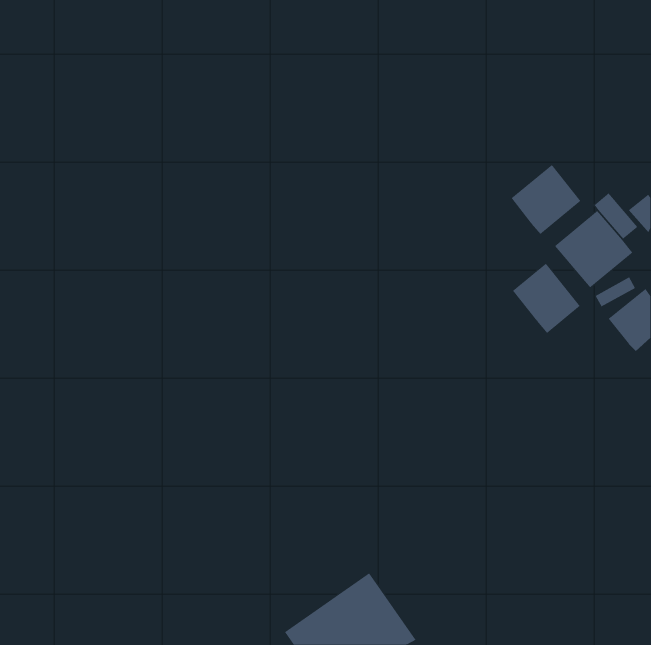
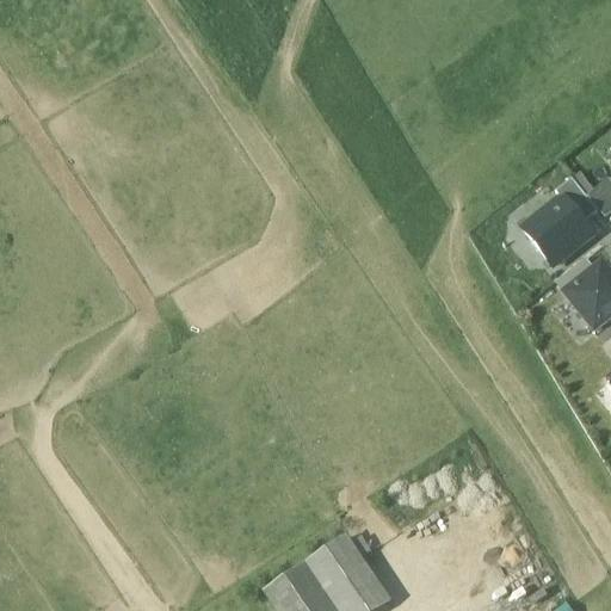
building: [511,164,581,235] -> none
building: [512,263,581,334] -> none

